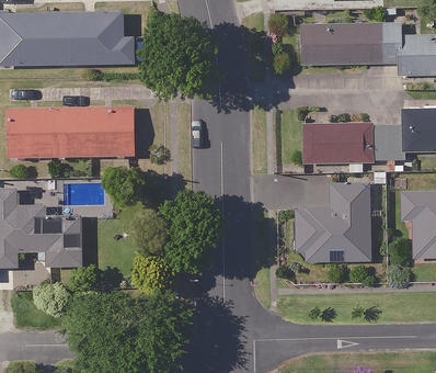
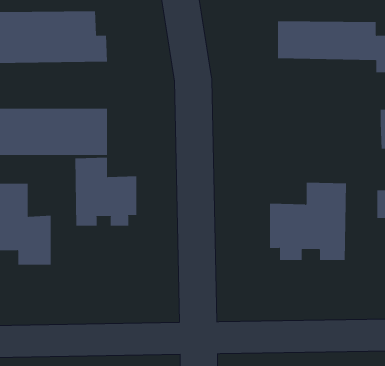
building: [303,124,401,162] -> none
building: none -> [75,157,137,227]

